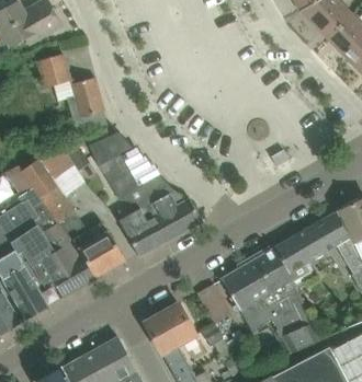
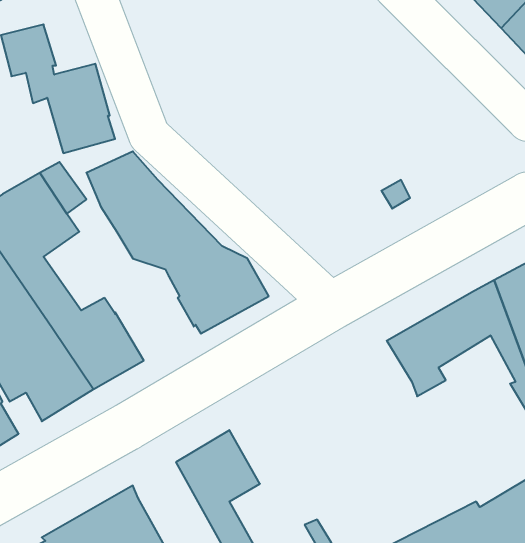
building: [117,209,159,256] -> none
building: [220,248,317,352] -> none
building: [195,285,229,324] -> none

